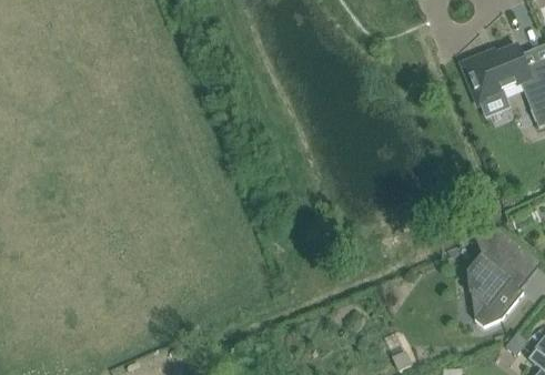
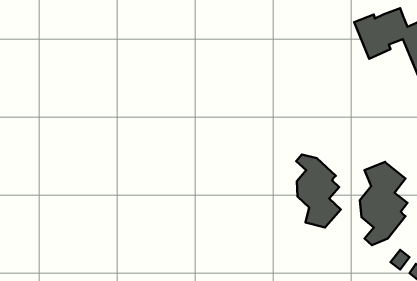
building: none -> [296,154,341,227]

